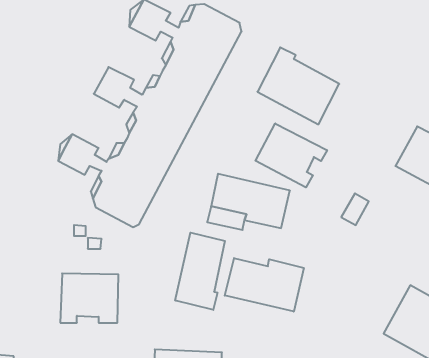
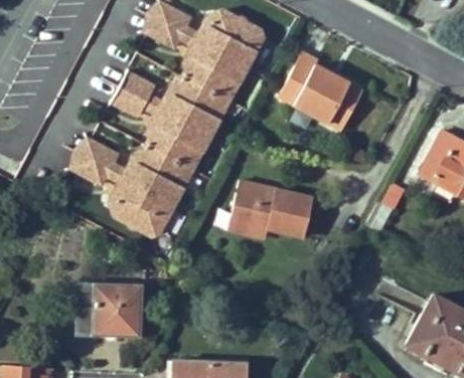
building: [255,123,327,187] -> none
building: [175,233,225,310] -> none
building: [225,258,304,312] -> none

